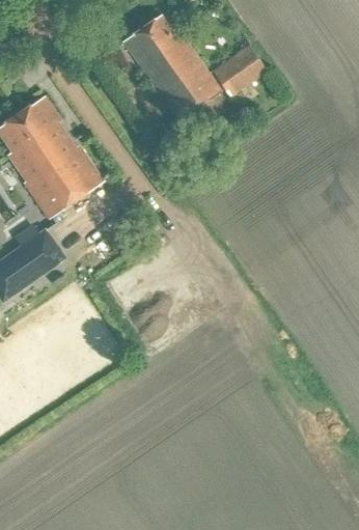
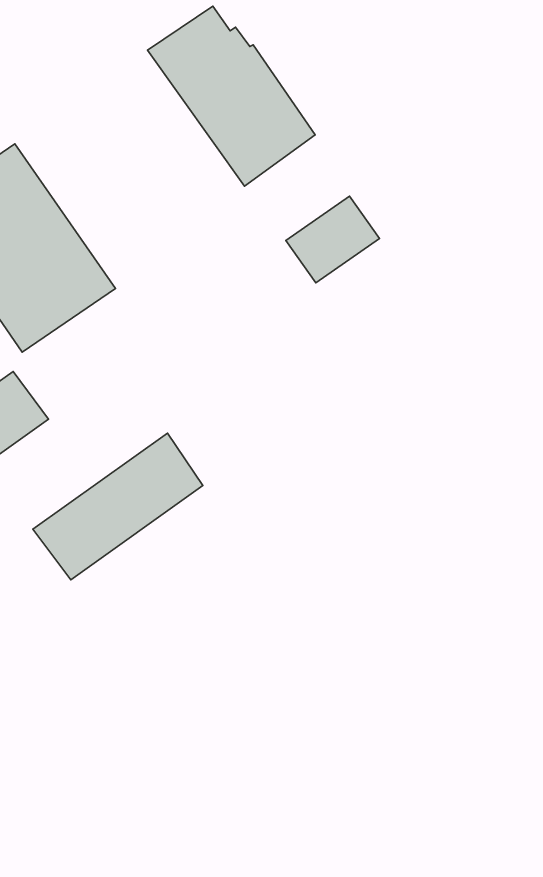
building: [213,45,268,95] -> [286,196,379,283]
building: none -> [33,433,203,580]

